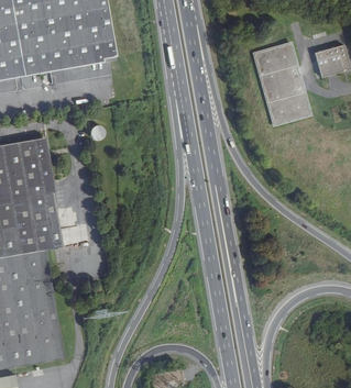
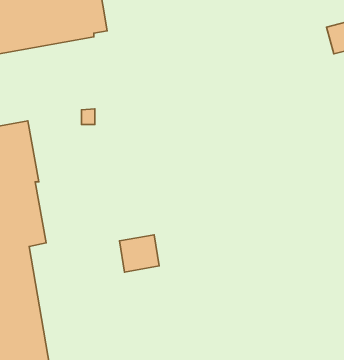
building: [254,44,310,125] -> none
building: none -> [119,235,159,272]

